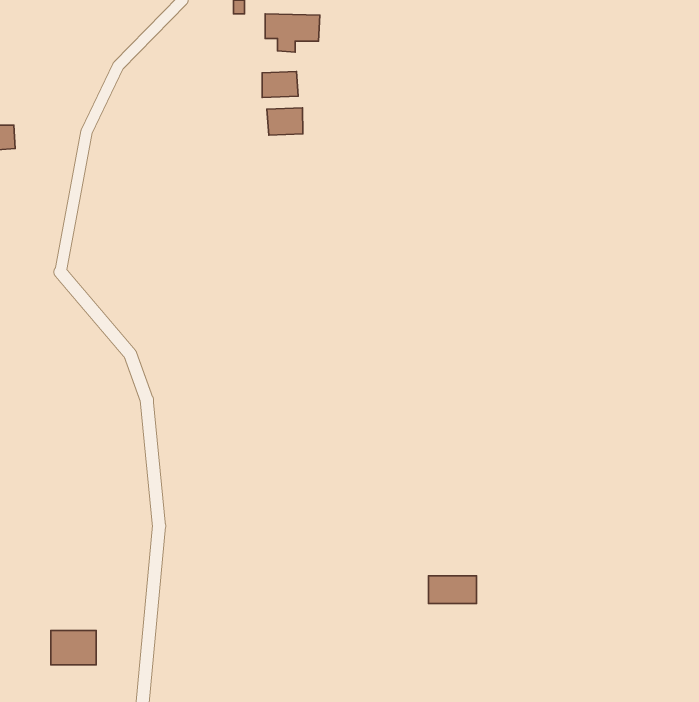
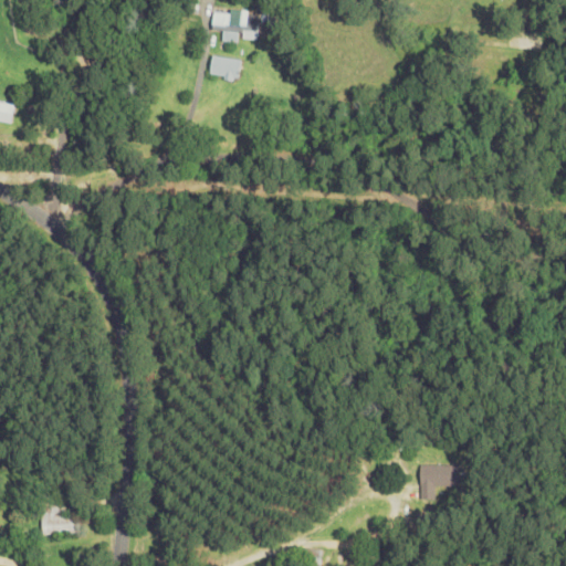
building: [267,108,303,135] -> none
building: [428,576,477,603] -> [420,465,459,488]

